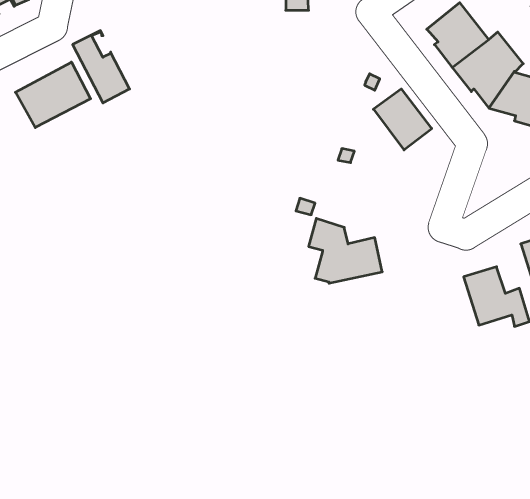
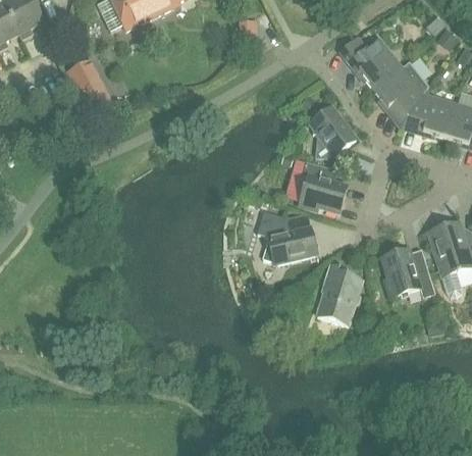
building: [15,62,91,128] -> none
building: none -> [300,160,346,212]
building: none -> [317,262,361,323]

